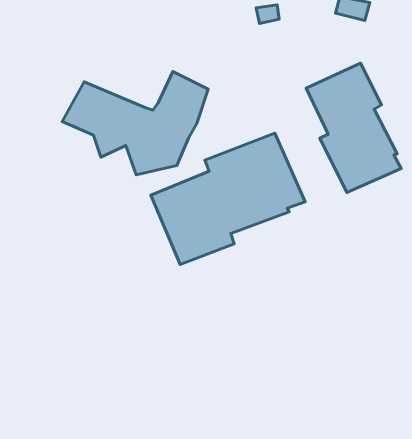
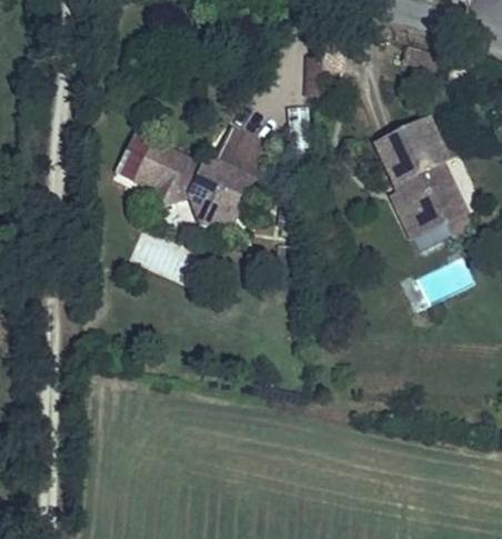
building: [151,133,305,264] -> none

